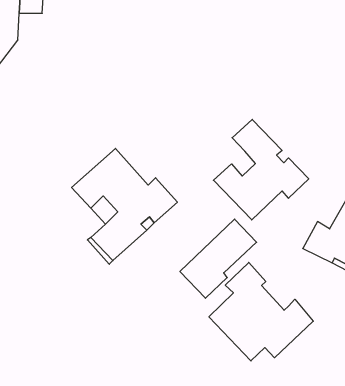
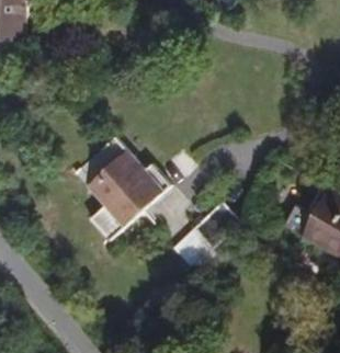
building: [213,119,309,220] -> none
building: [209,262,313,361] -> none

